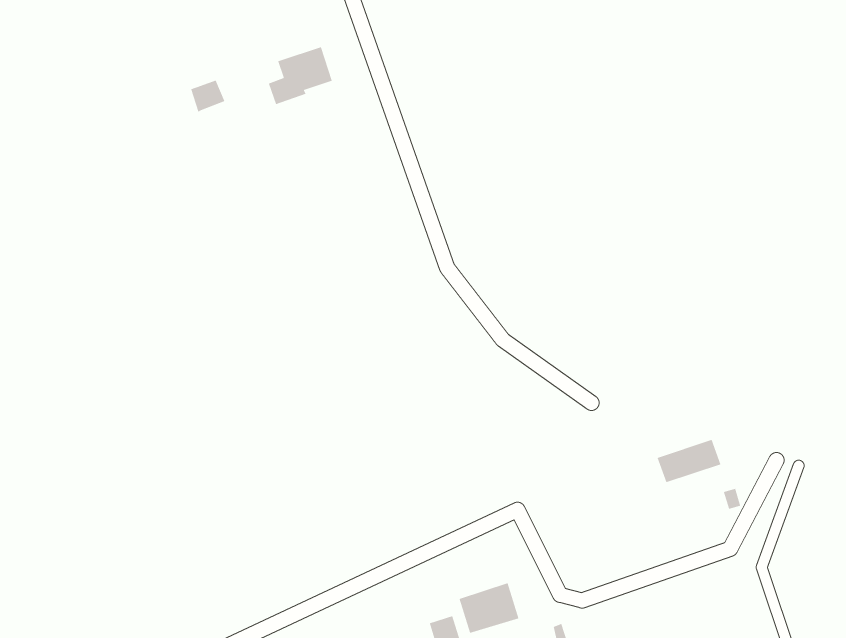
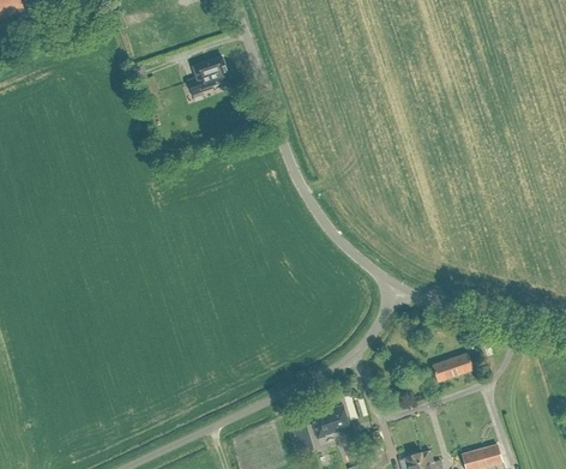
building: [657,439,721,483] -> [430,353,472,381]

